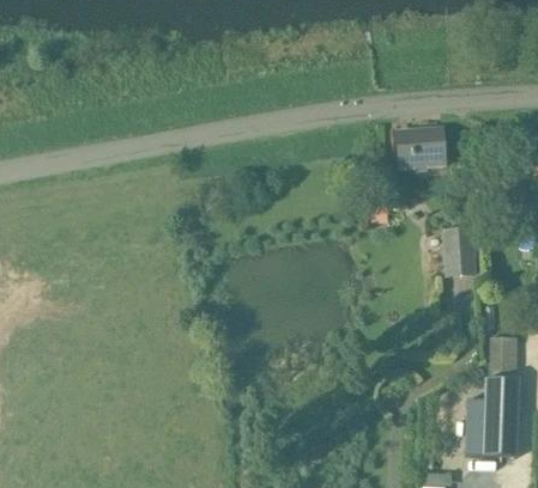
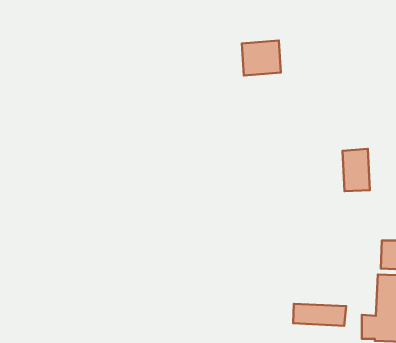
building: [397,127,443,169] -> [242,40,281,76]
building: none -> [293,304,346,326]

